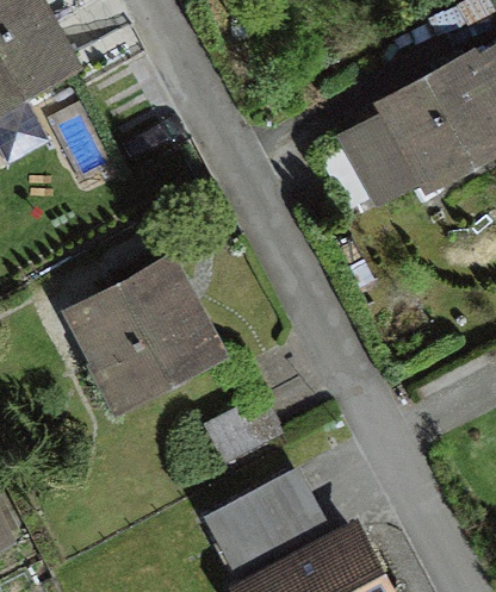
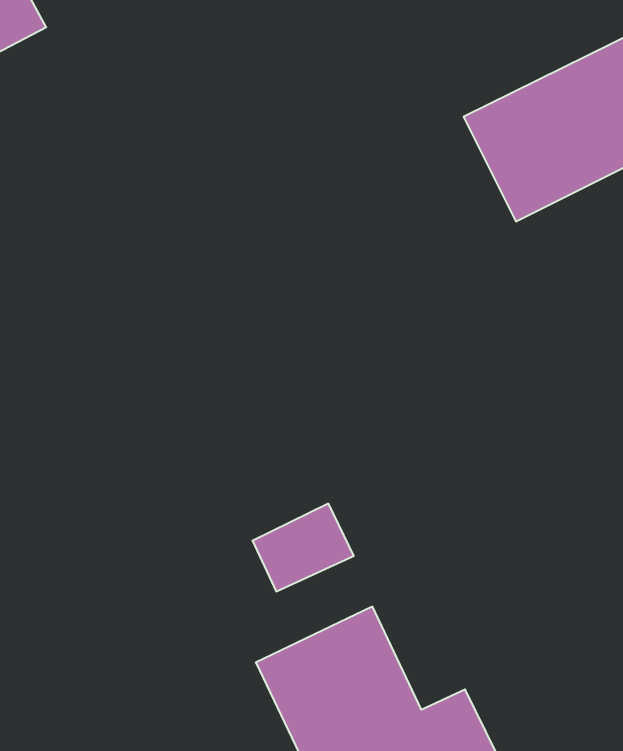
building: [75,263,215,400] -> none

